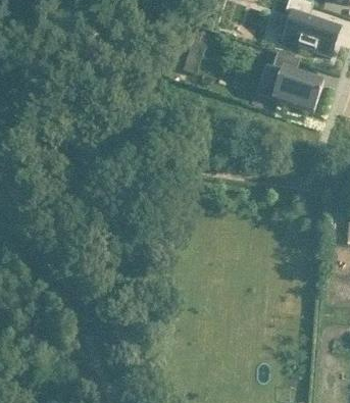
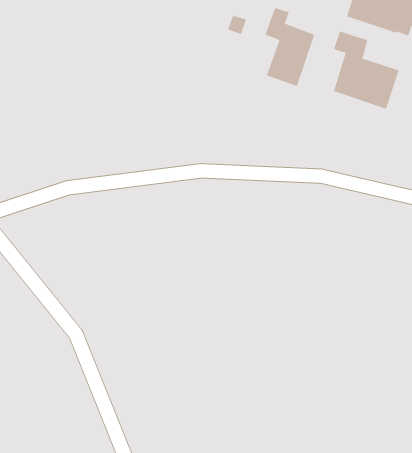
building: none -> [265,7,315,87]

